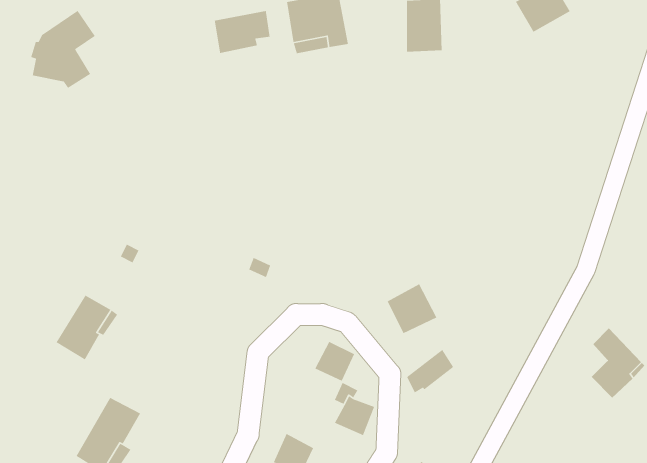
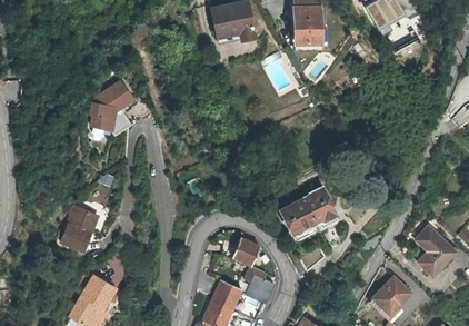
building: [30,10,96,89] -> [88,79,132,132]
building: [214,10,271,54] -> none
building: none -> [302,188,335,221]
building: none -> [373,277,409,313]
building: none -> [212,280,240,309]

